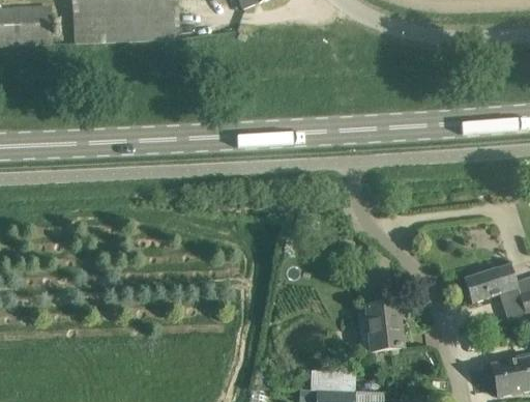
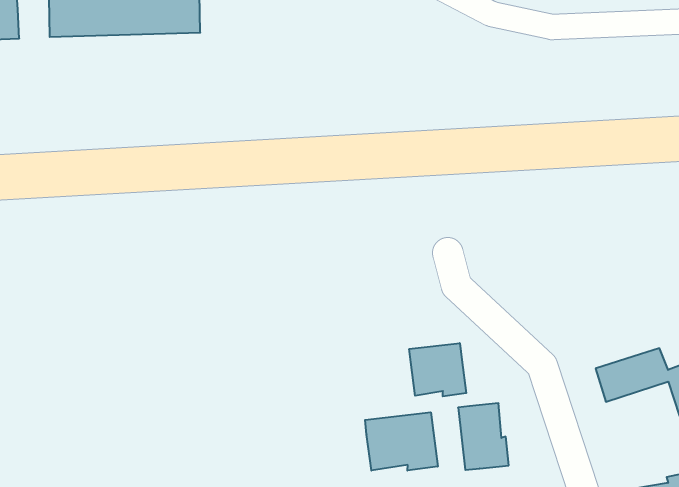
building: none -> [409,343,466,396]
building: none -> [365,412,438,471]

